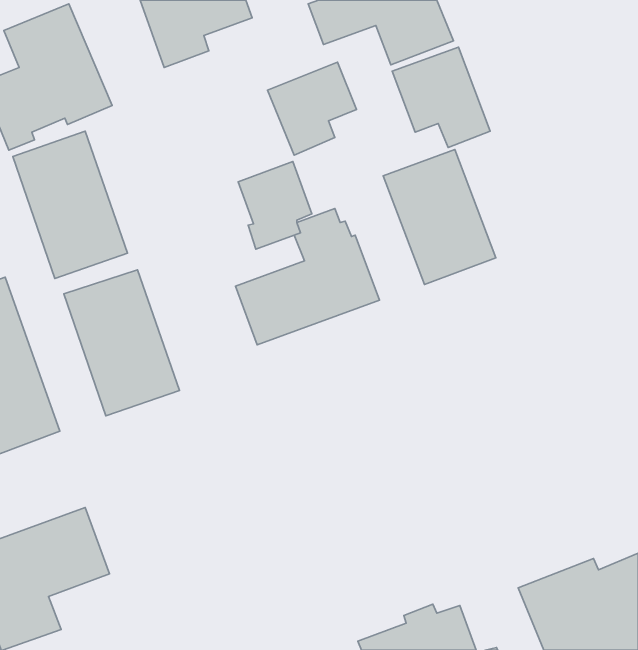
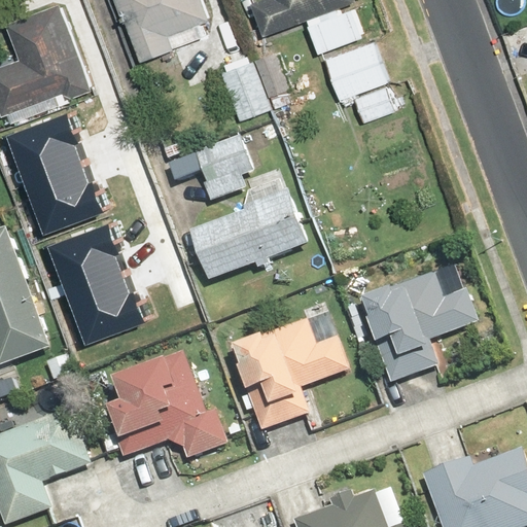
building: [383,149,496,284] -> none
building: none -> [360,273,478,387]
building: none -> [227,302,349,434]
building: none -> [105,353,226,461]

